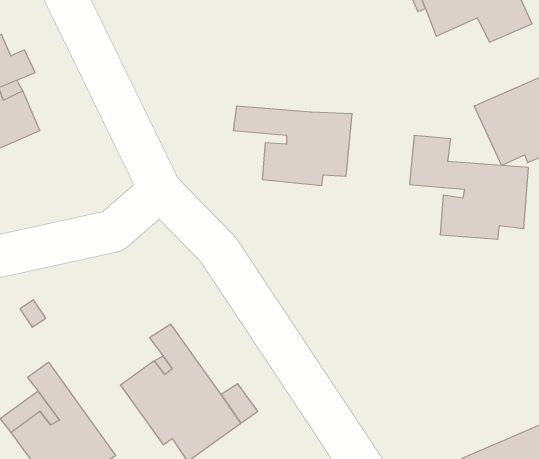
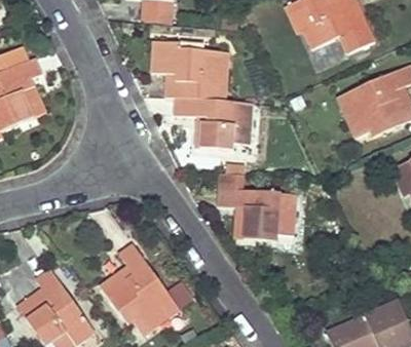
building: none -> [150,39,229,100]
building: [410,136,528,239] -> [217,171,297,241]

